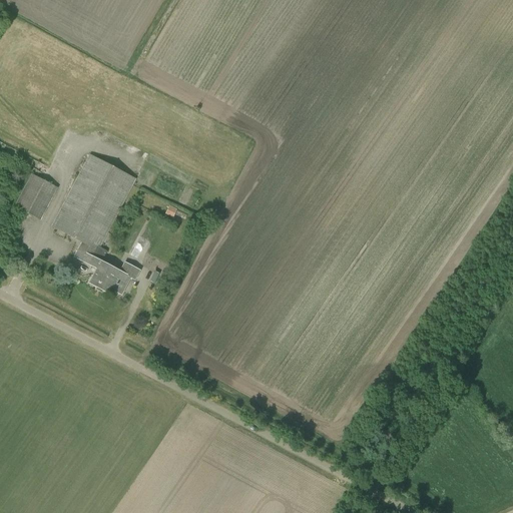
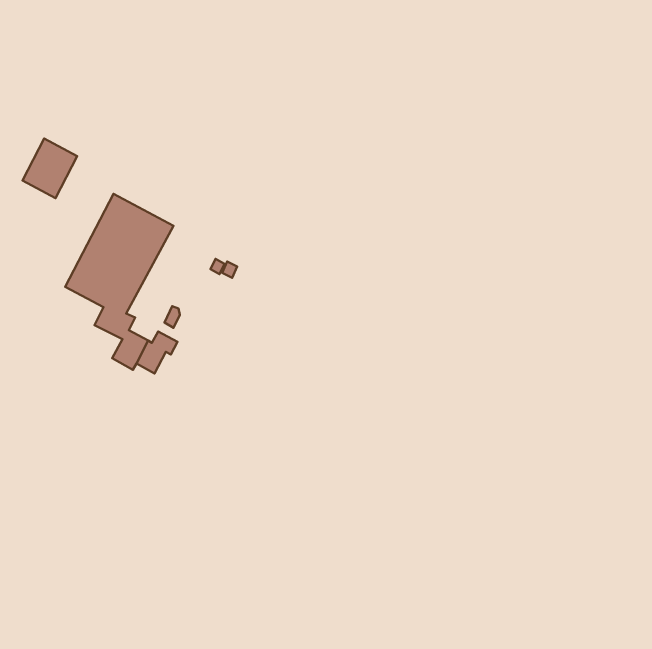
building: [14,172,57,219] -> [22,138,77,198]

